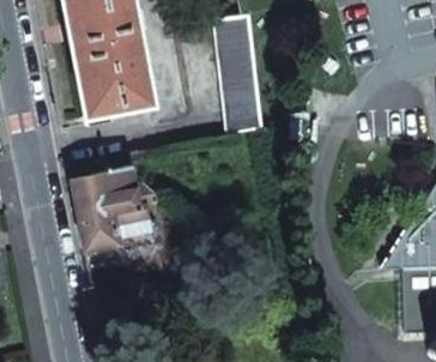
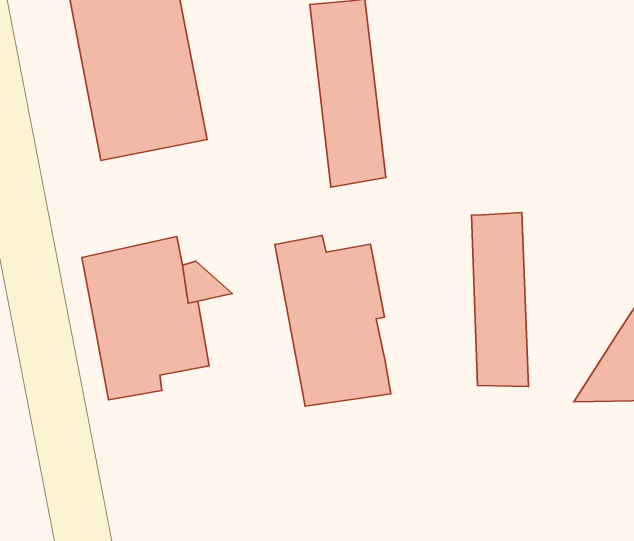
building: none -> [471,212,529,386]
building: none -> [275,235,391,406]

